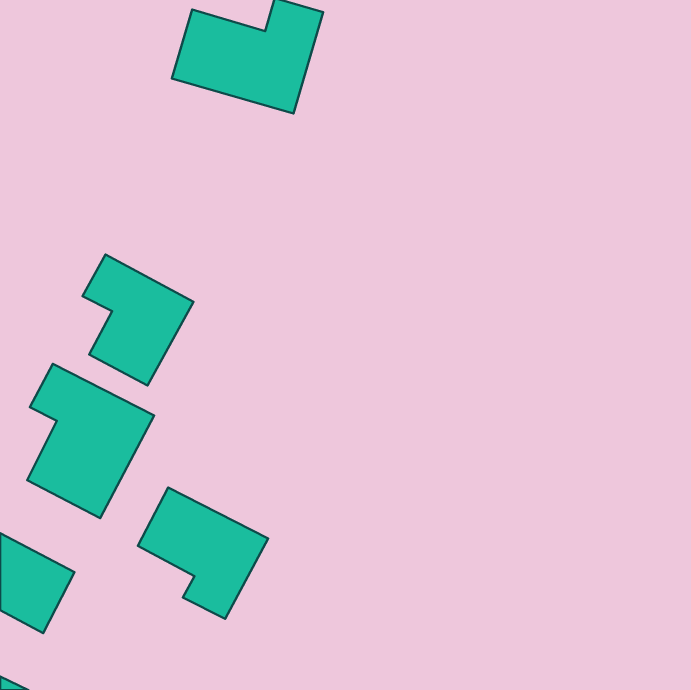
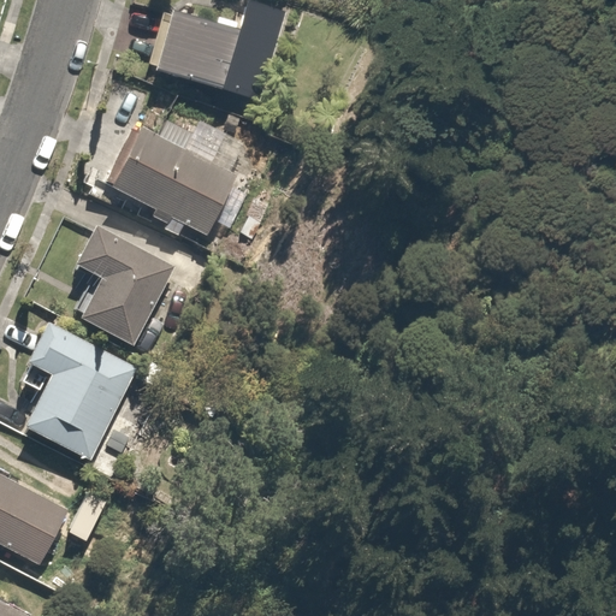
building: none -> [106,124,238,236]
building: [138,487,268,619] -> none

